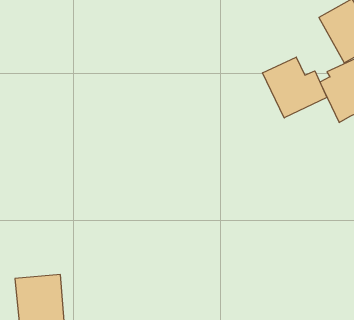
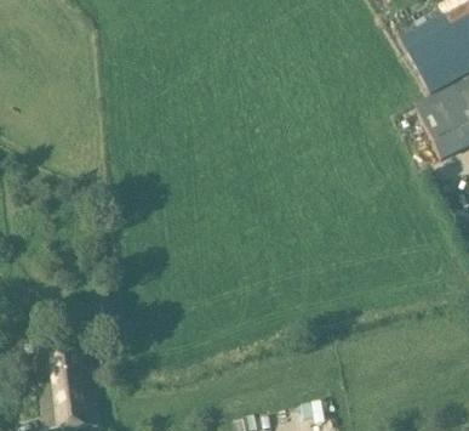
building: [263,57,327,118] -> none

